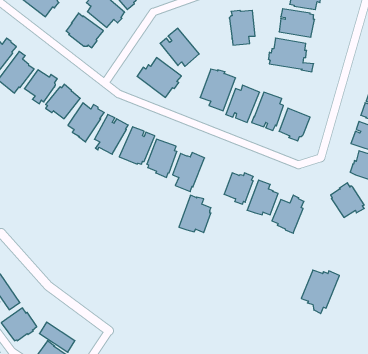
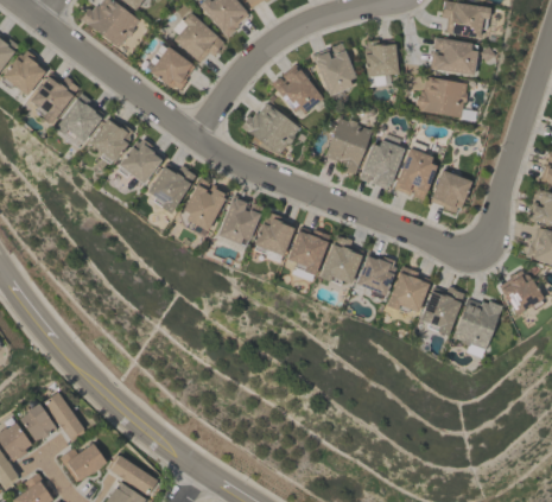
building: none -> [313,43,357,95]
building: [179,195,211,233] -> [321,235,363,285]
building: [301,270,339,314] -> [453,299,505,357]

